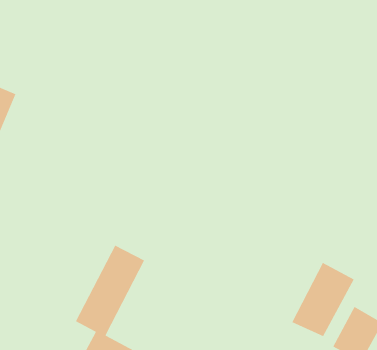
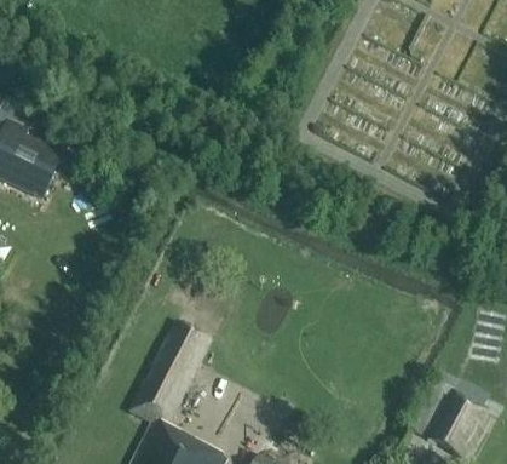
building: [291,262,355,337] -> none

